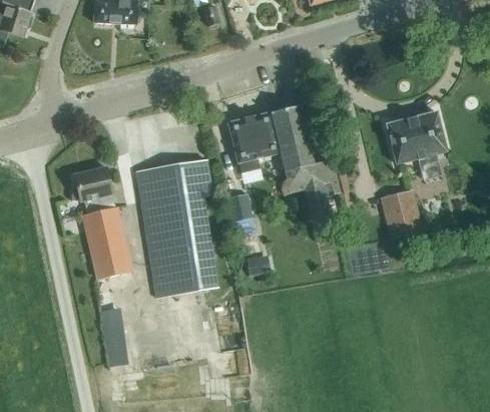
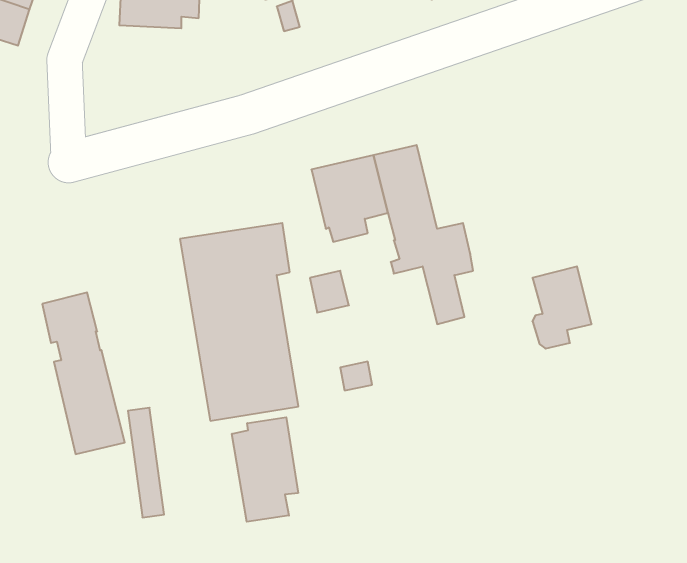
building: [386,110,446,178] -> none
building: [74,165,131,278] -> [42,292,125,454]
building: none -> [232,417,298,522]

